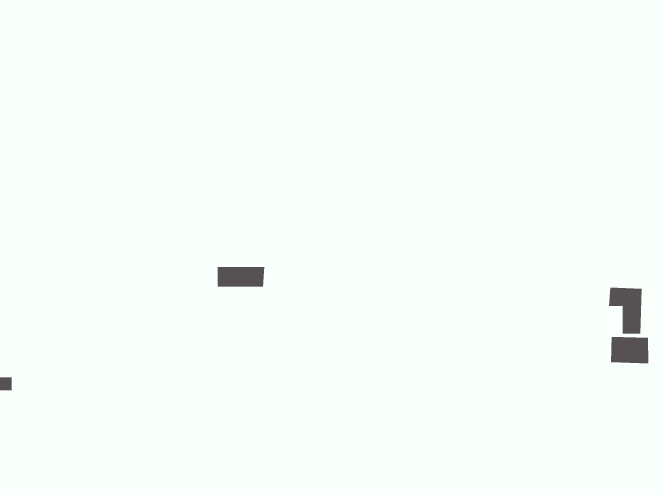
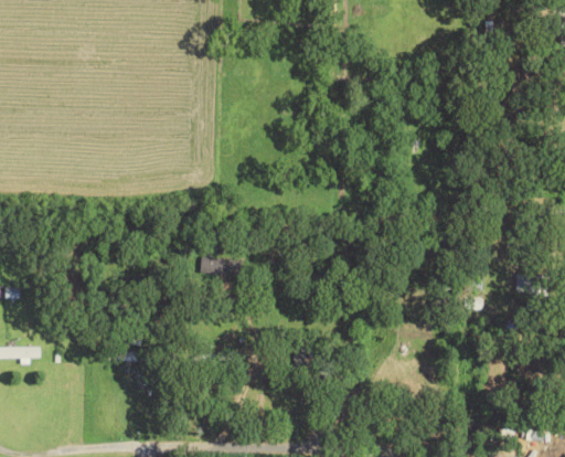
building: [610,336,649,364] -> none

